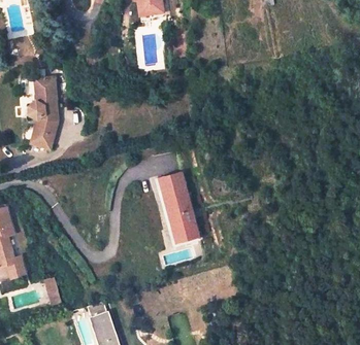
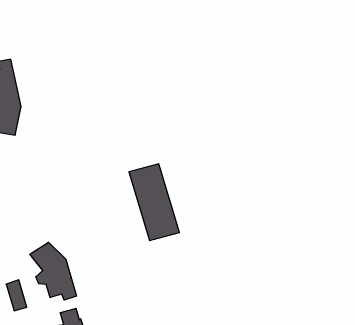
building: none -> [30,242,77,300]

